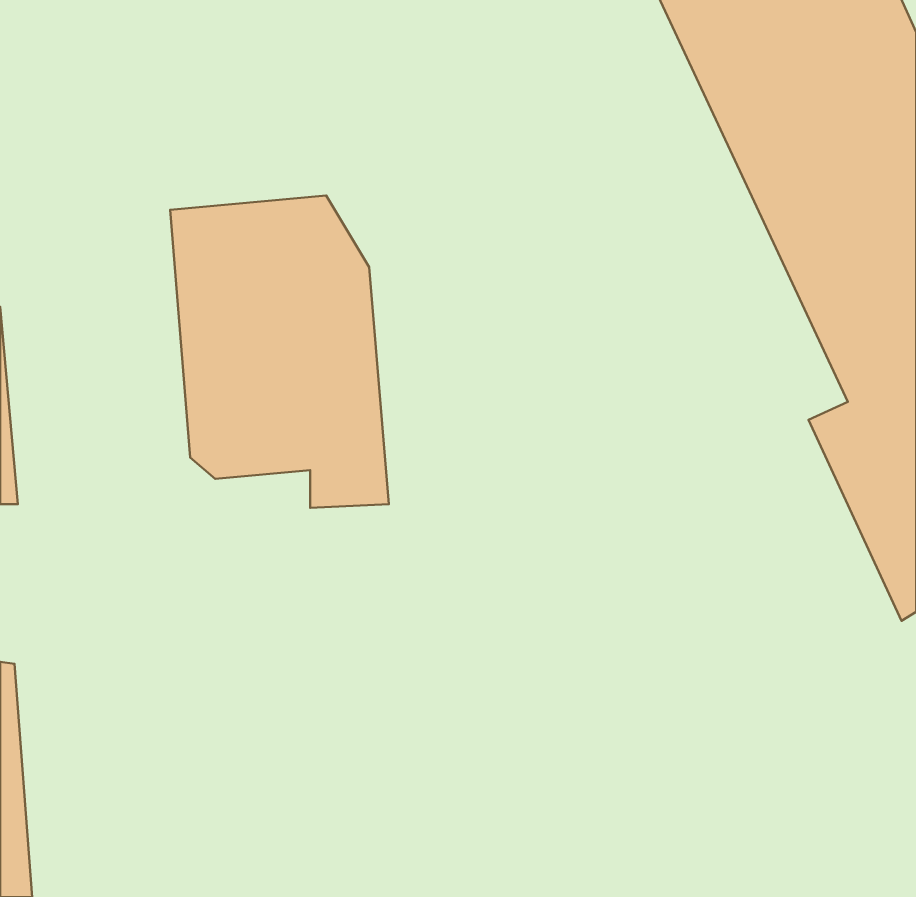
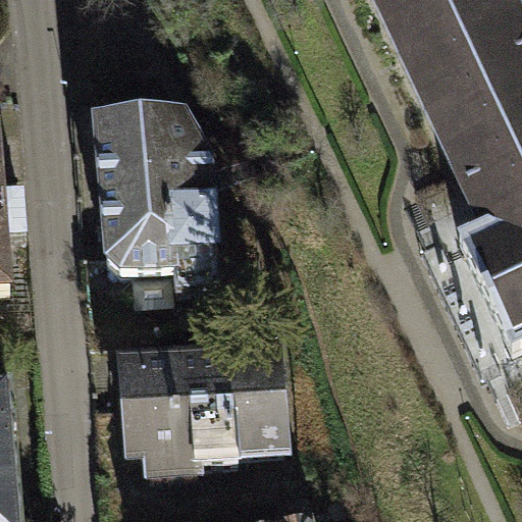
building: none -> [123,349,283,476]

